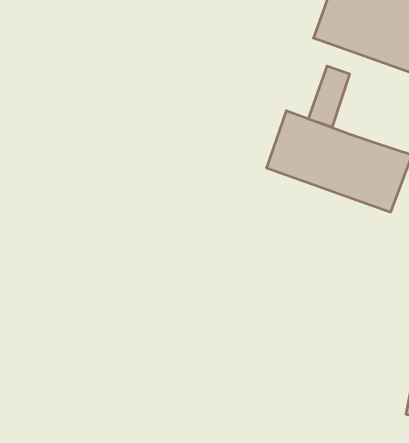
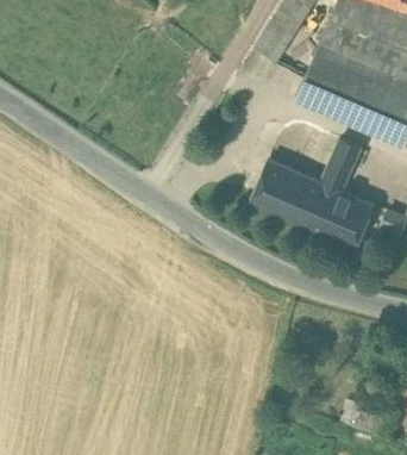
building: [308,66,350,127] -> [323,138,361,191]

